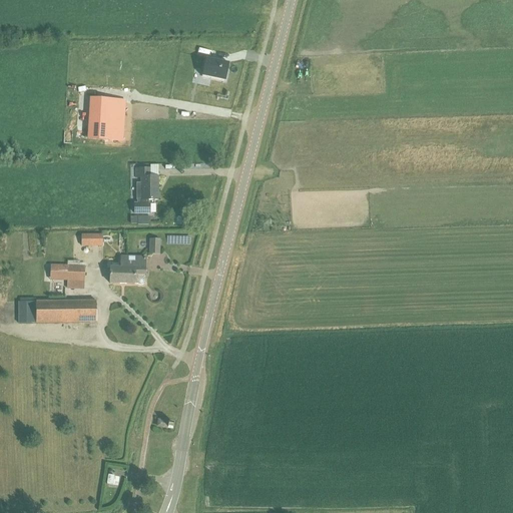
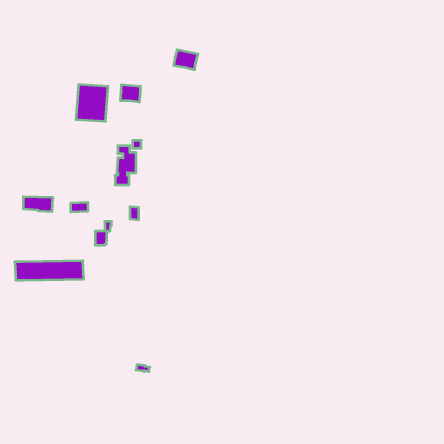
building: none -> [121,85,140,102]
building: [122,254,145,284] -> none
building: [49,263,83,280] -> [23,197,53,212]

